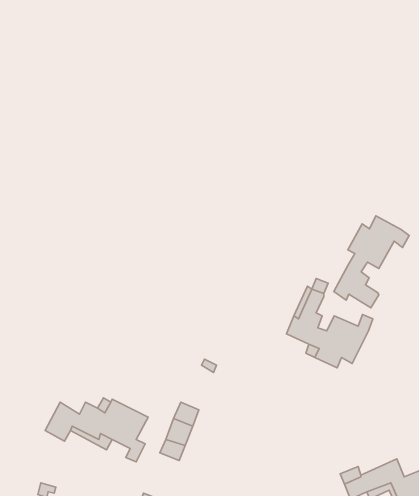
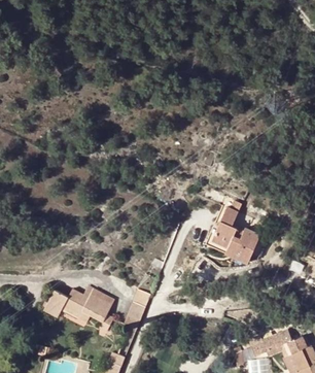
building: [334,216,409,308] -> none

